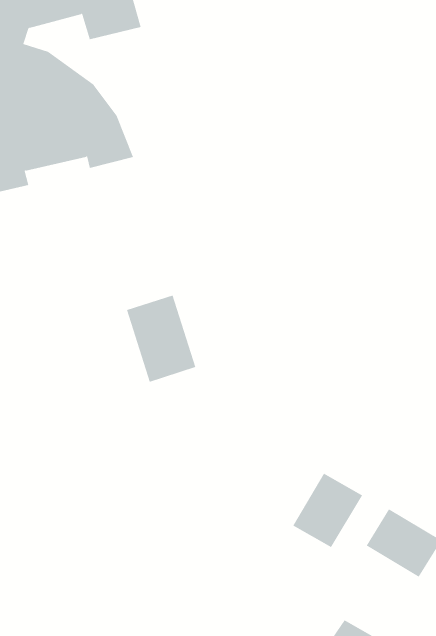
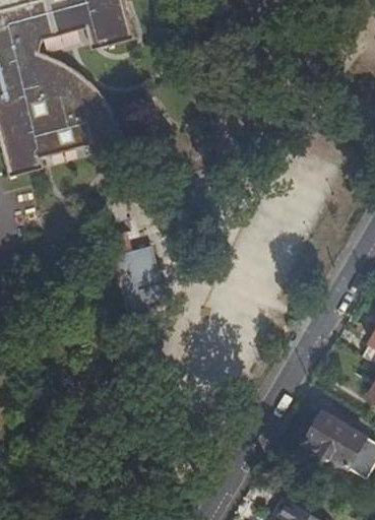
building: [292,473,363,548] -> none

